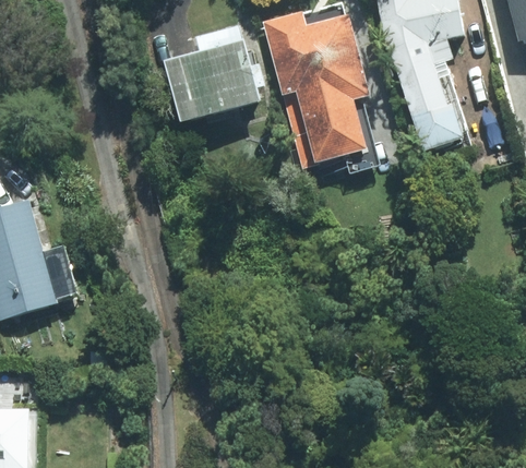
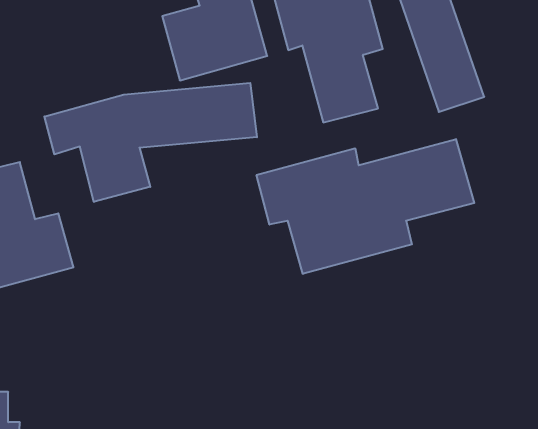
building: none -> [44,83,257,202]
building: none -> [257,139,474,274]

